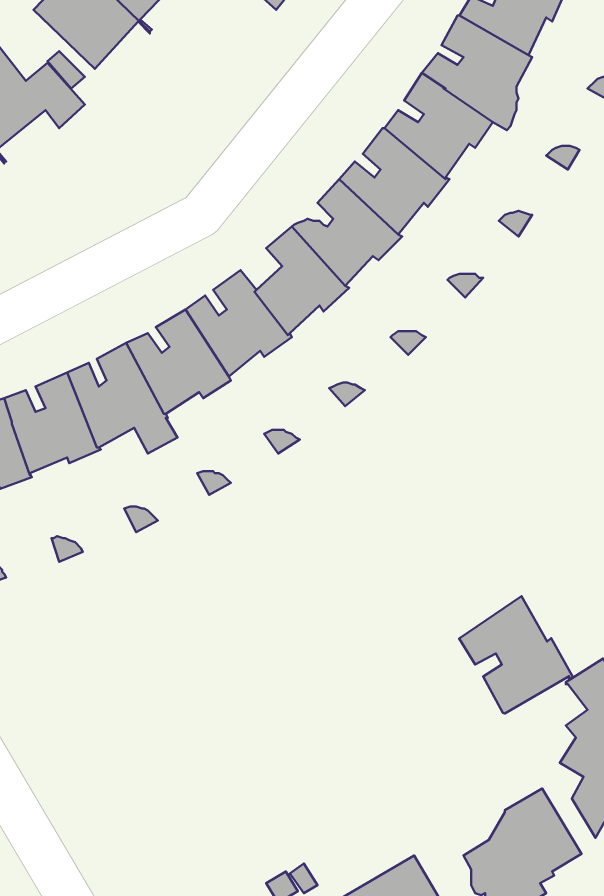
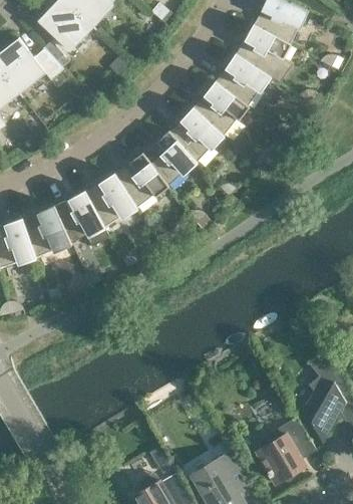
building: [459,596,573,713] -> none

